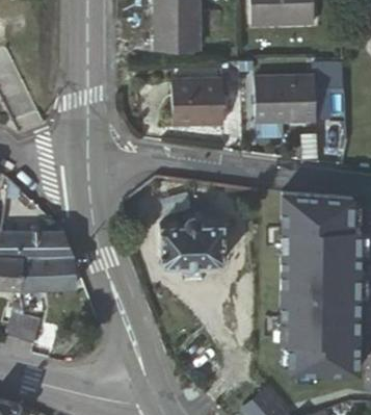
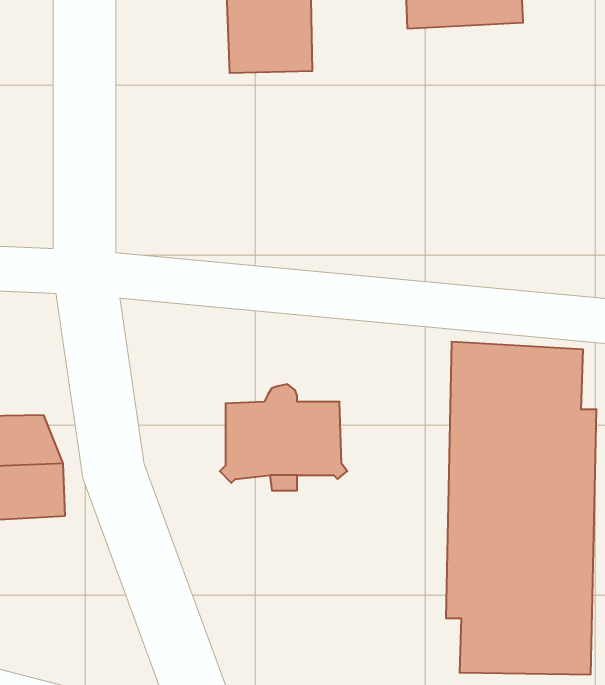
building: [258,75,320,121] -> none
building: [175,77,227,124] -> none

